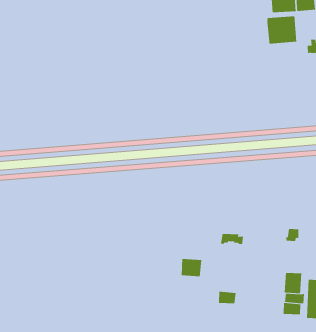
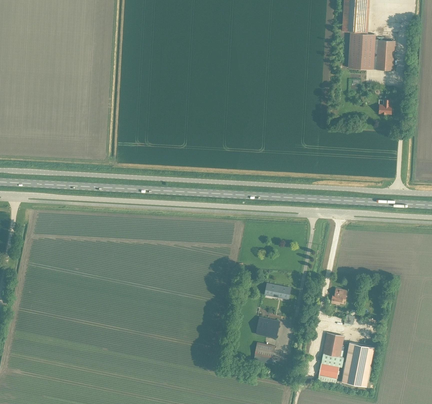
building: [267,16,297,45] -> none
building: [181,259,202,277] -> [256,318,280,339]

